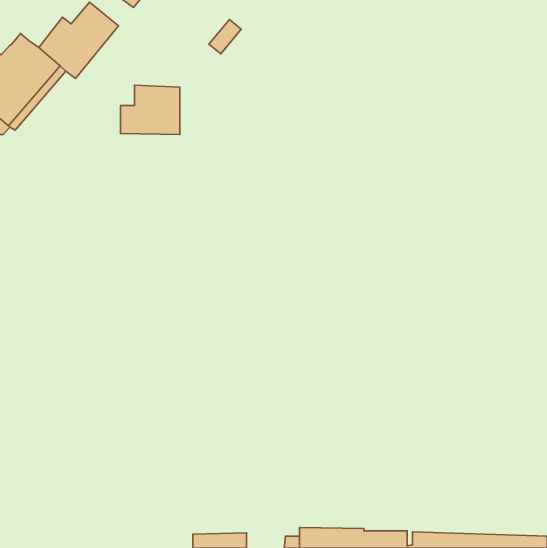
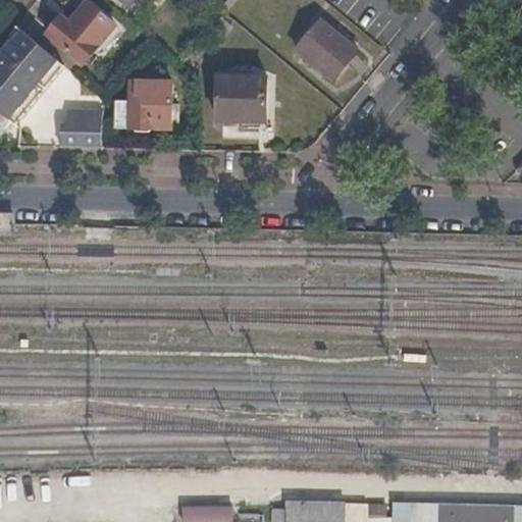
building: none -> [295,20,356,81]
building: none -> [218,76,266,121]
building: none -> [58,109,100,147]

